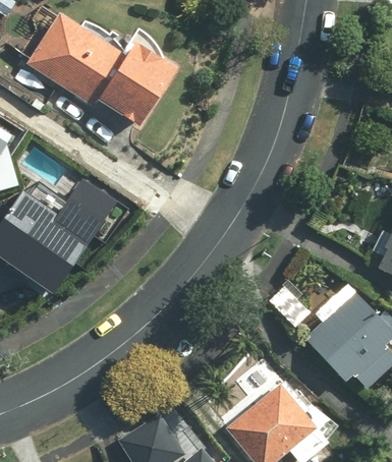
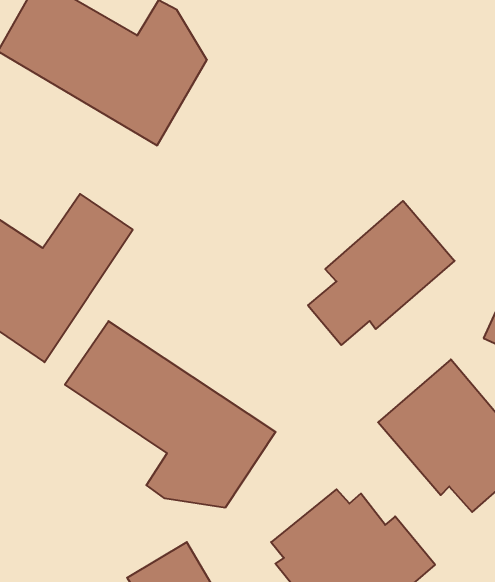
building: none -> [308,201,455,345]
building: none -> [65,321,276,508]

